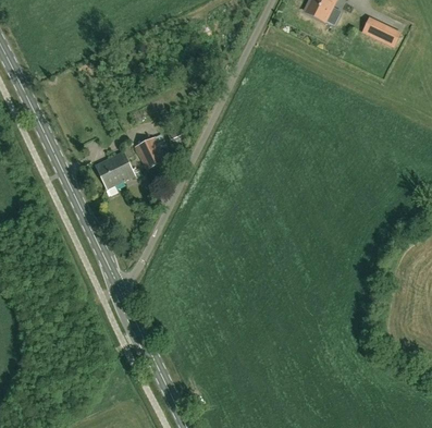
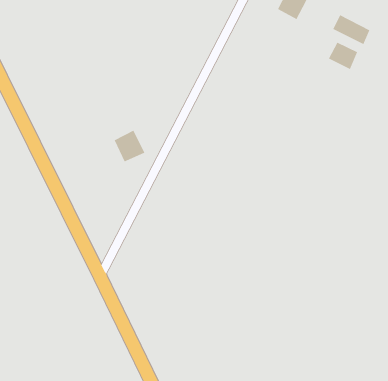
building: none -> [328,42,358,70]
building: [95,152,134,189] -> none

